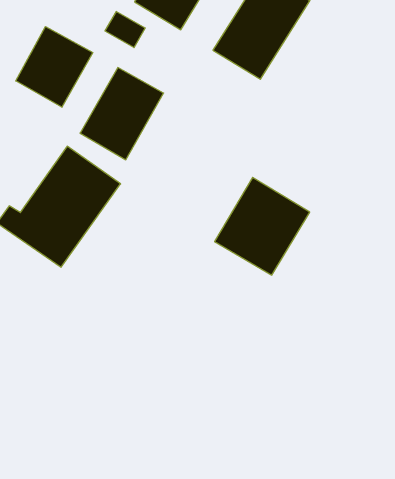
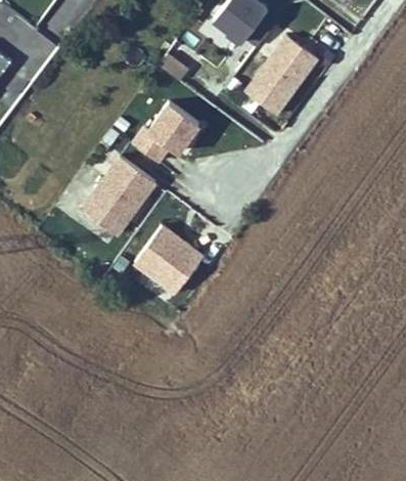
building: [16,27,93,107] -> none
building: [215,177,310,275] -> [129,222,206,300]

